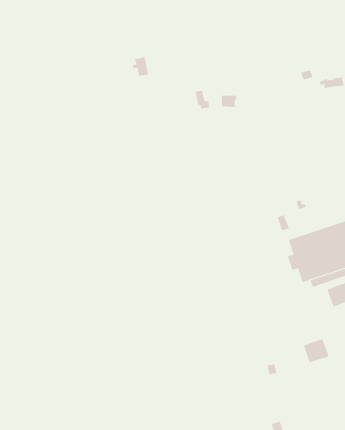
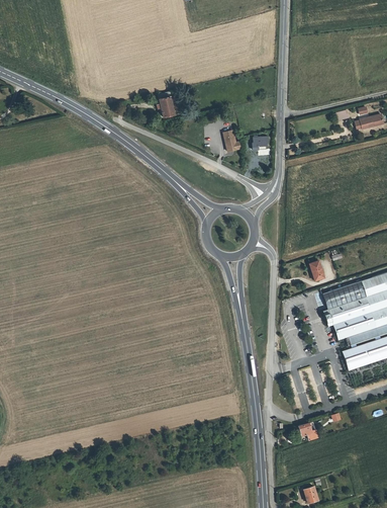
building: [303,339,330,363] -> [344,345,372,371]

